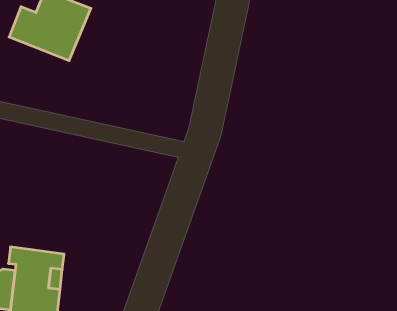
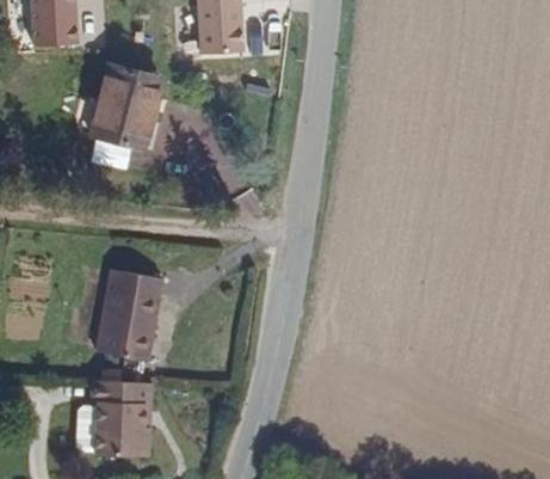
building: none -> [98,265,167,362]

